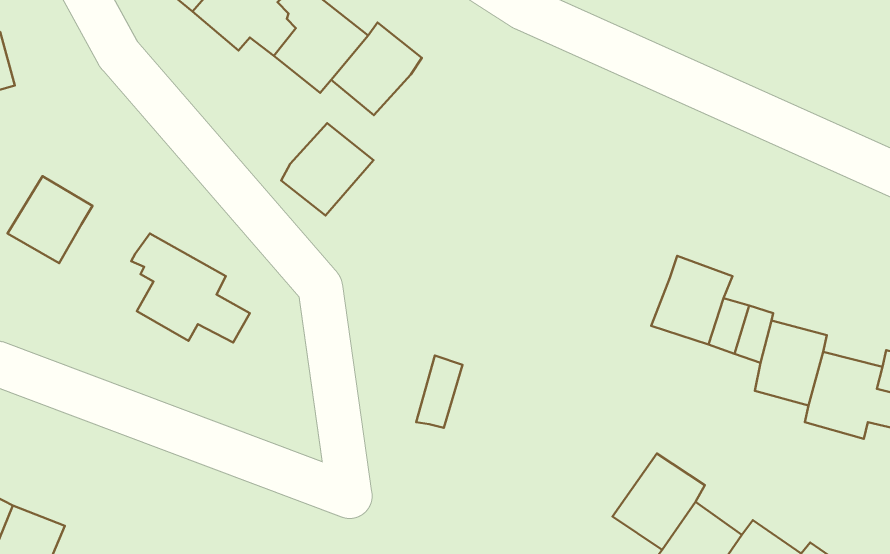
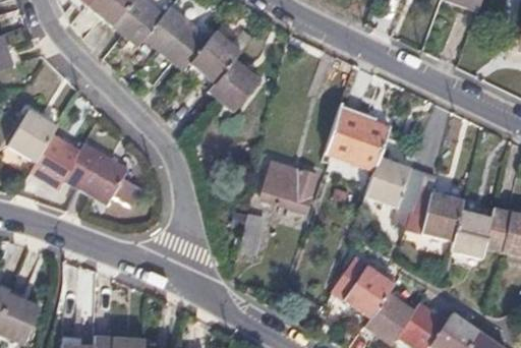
building: [281,123,374,216] -> [207,57,257,108]
building: none -> [324,109,389,169]
building: none -> [35,139,91,187]
building: none -> [260,160,315,212]

